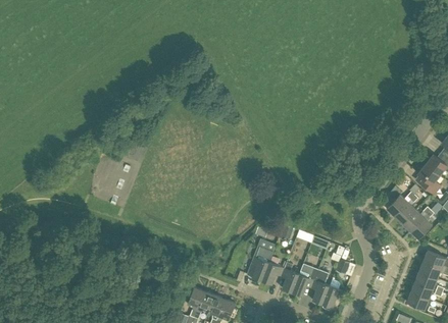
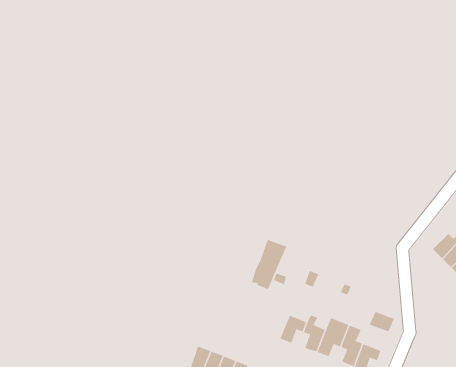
building: [247,238,277,280] -> [251,239,287,290]

